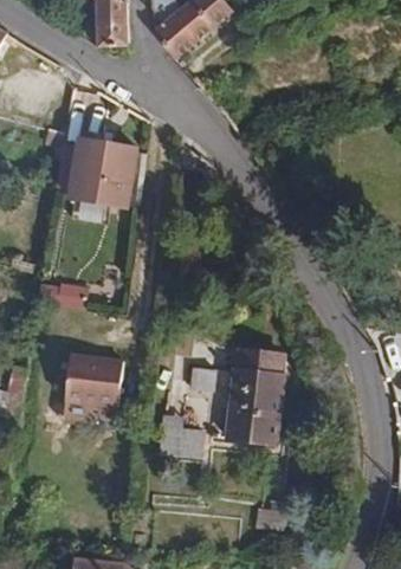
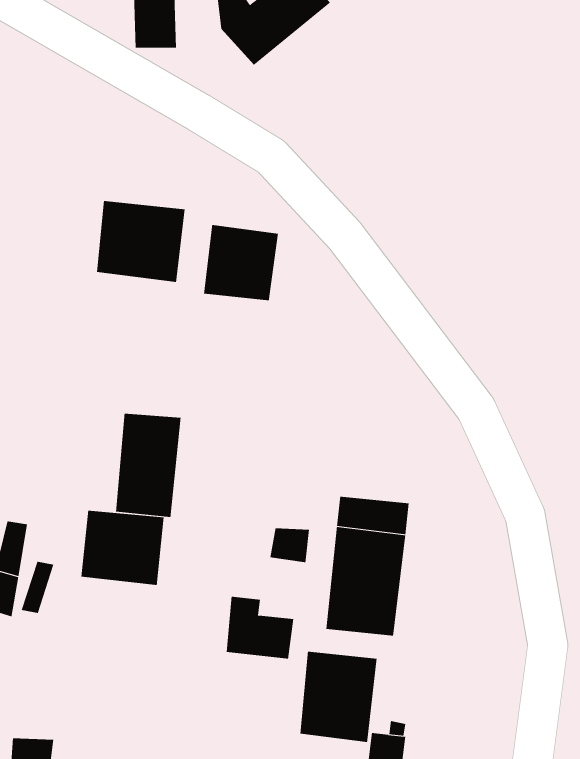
building: none -> [203,224,278,301]
building: none -> [115,413,181,518]
building: none -> [300,651,377,743]

